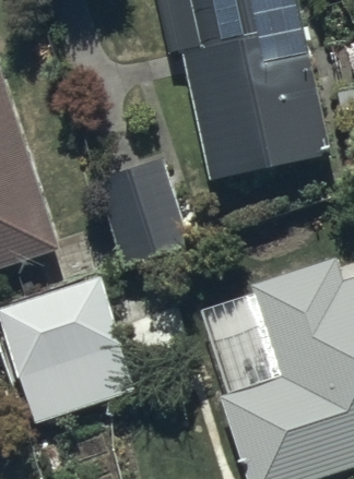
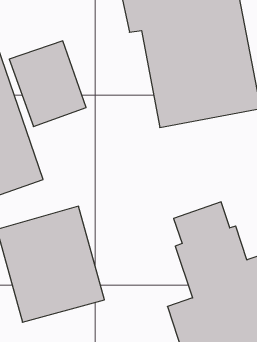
building: [94,151,191,259] -> [9,41,86,127]

